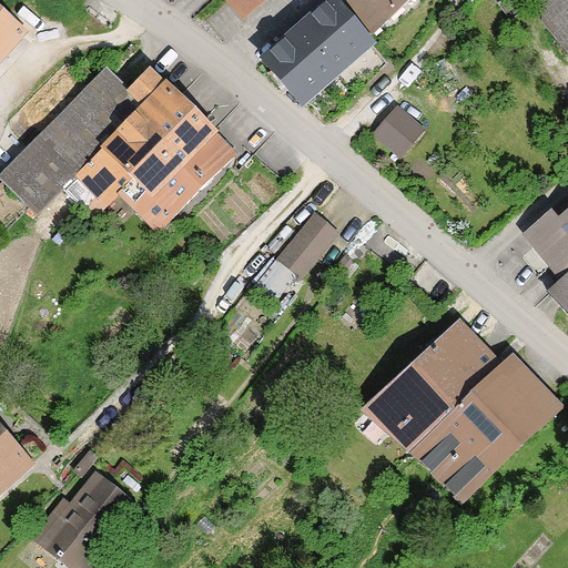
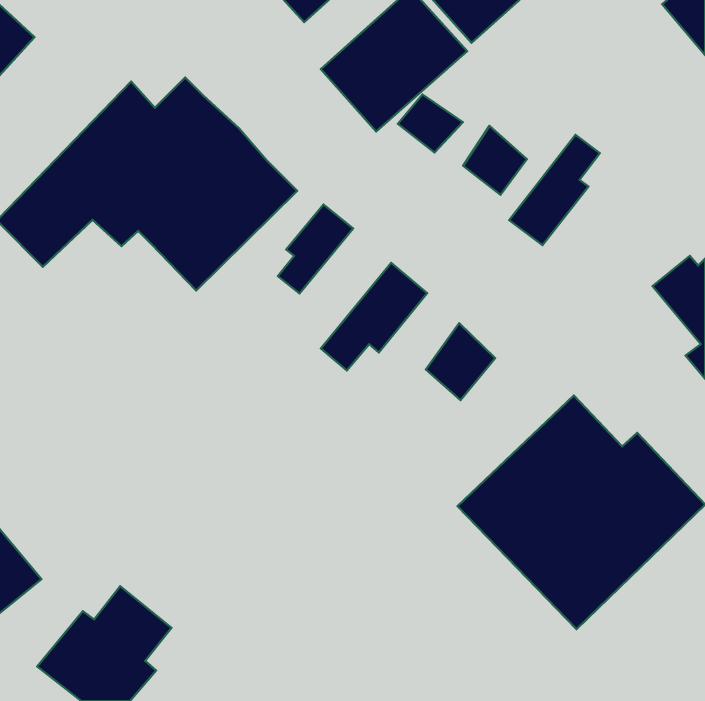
building: none -> [398,94,463,152]
building: none -> [509,135,600,245]
building: none -> [278,205,353,294]
building: none -> [426,323,495,400]

